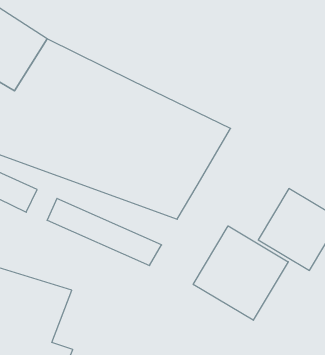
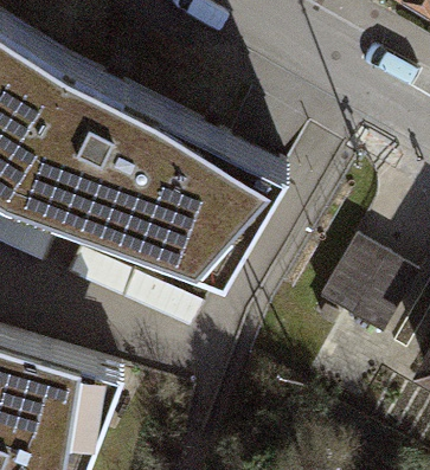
building: [193,226,288,320] -> none

